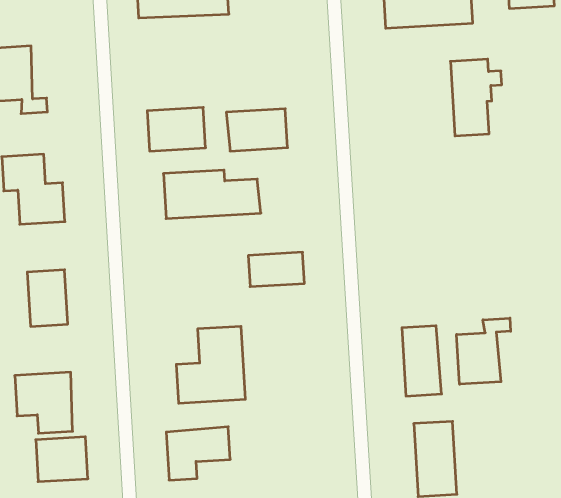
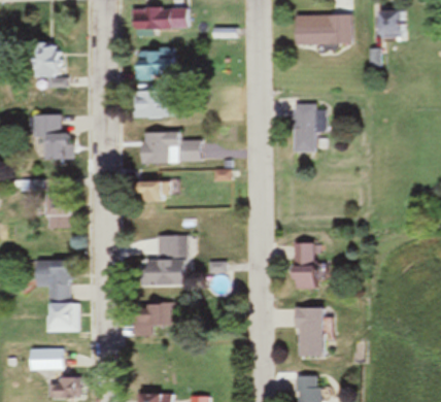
building: [450,59,502,136] -> [293,102,326,152]
building: [226,109,288,151] -> [134,51,173,76]
building: [248,252,304,287] -> [134,180,170,201]
building: [457,318,511,384] -> none

